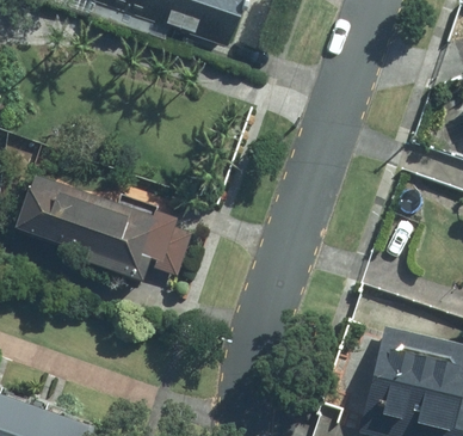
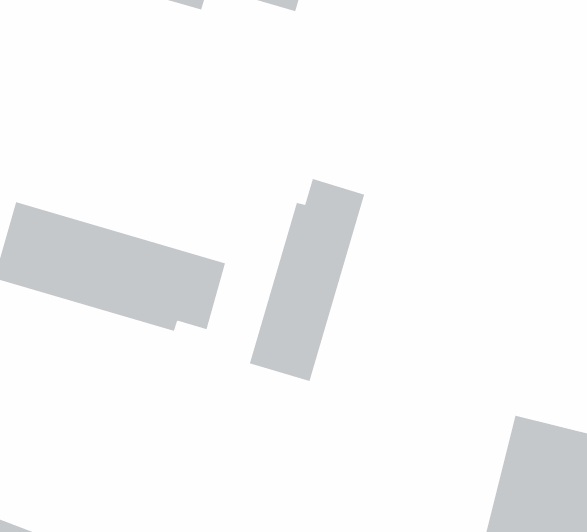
building: none -> [249,178,365,382]

